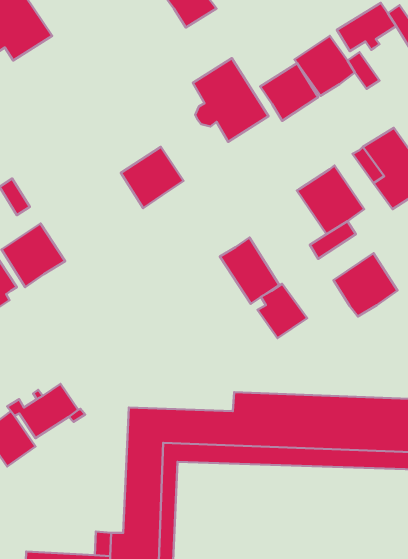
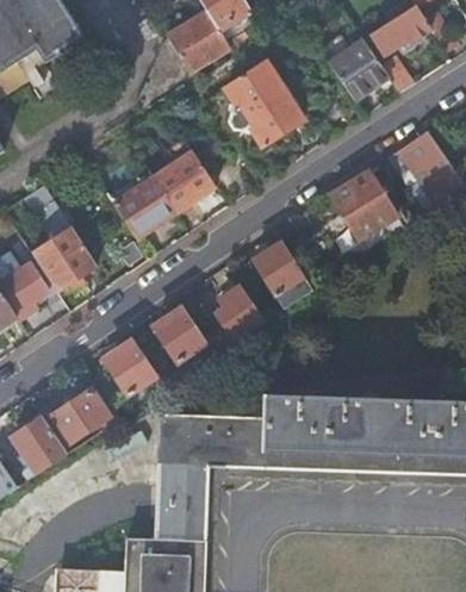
building: none -> [164,10,229,71]
building: [260,63,318,121] -> none
building: none -> [112,175,175,238]
building: [333,253,397,317] -> none
building: [257,284,307,338] -> [216,285,266,339]
building: none -> [154,306,207,360]
building: none -> [104,339,157,393]

